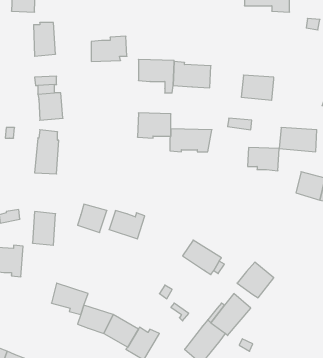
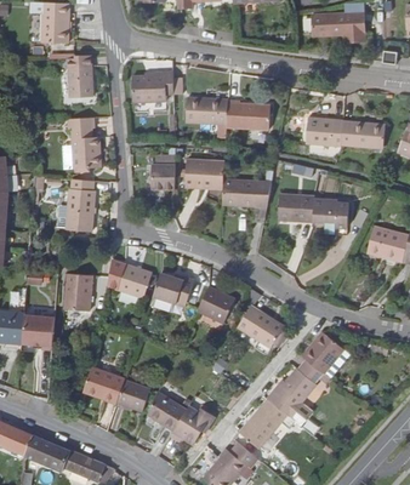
building: none -> [152,153,175,187]
building: [279,128,317,152] -> [341,120,385,148]
building: none -> [279,194,314,221]
building: none -> [197,285,235,323]

